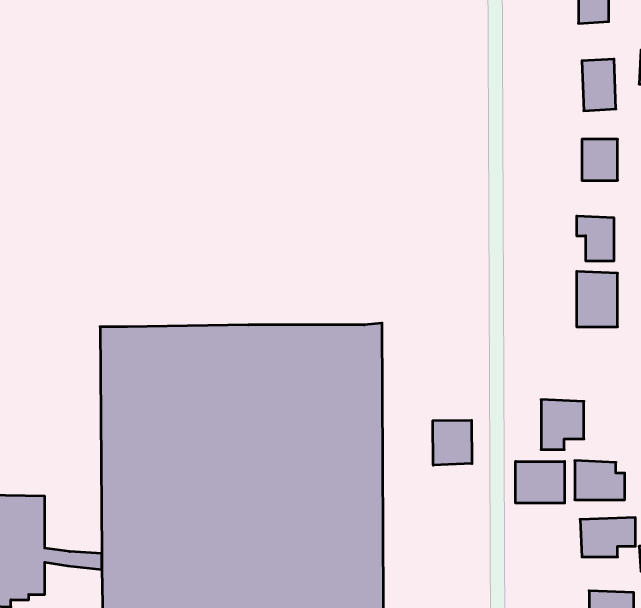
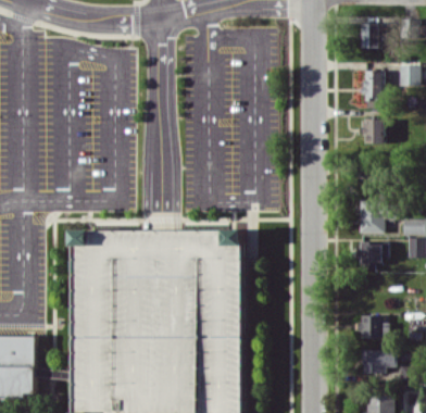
building: [541,400,584,450] -> [361,241,387,272]
building: [433,420,472,465] -> none
building: [516,461,565,503] -> none

